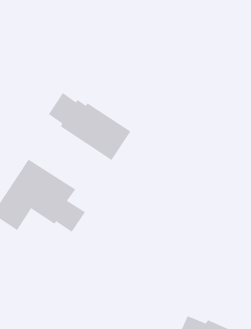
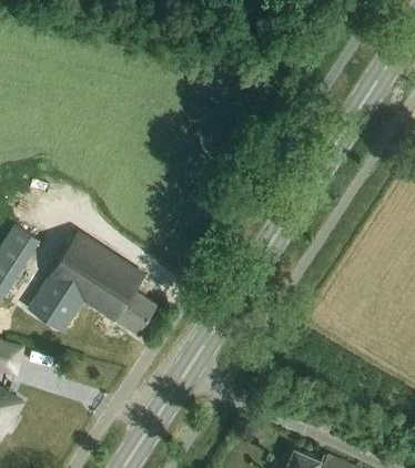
building: [48,92,131,161] -> none

